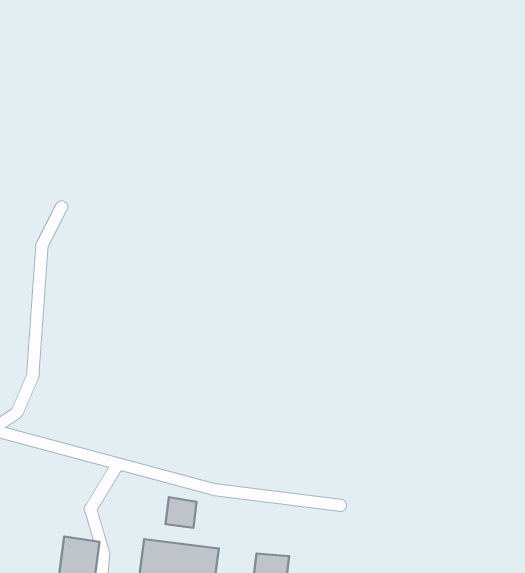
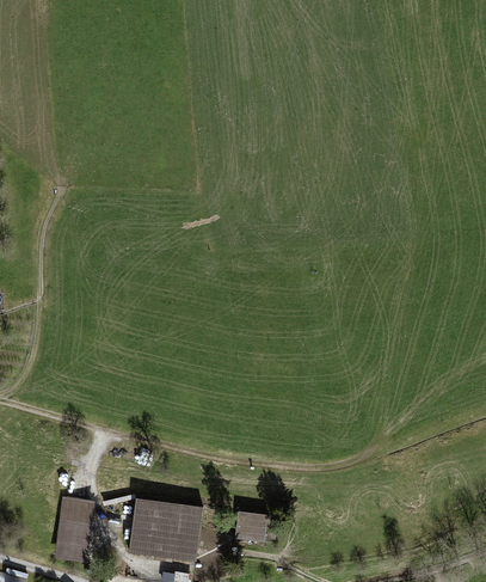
building: [165,497,197,528] -> none

